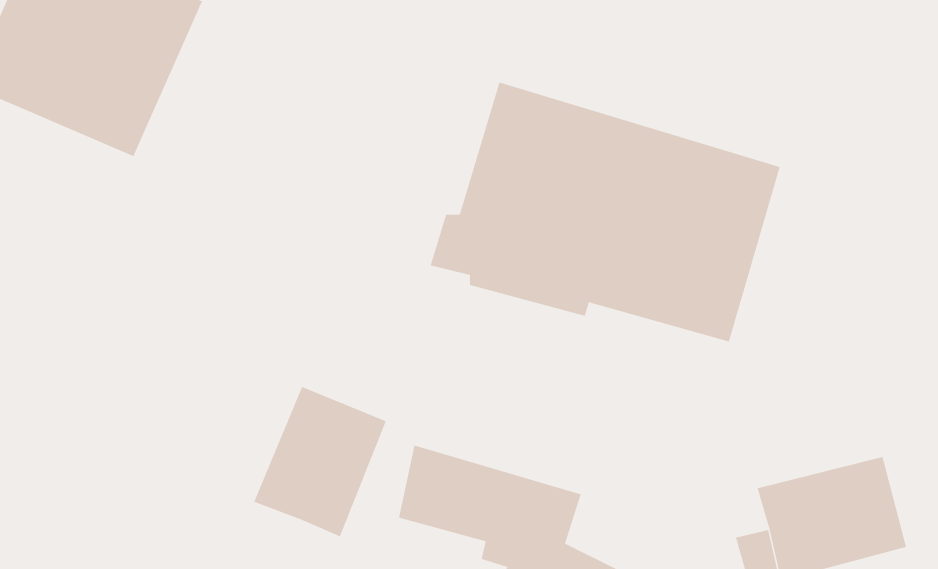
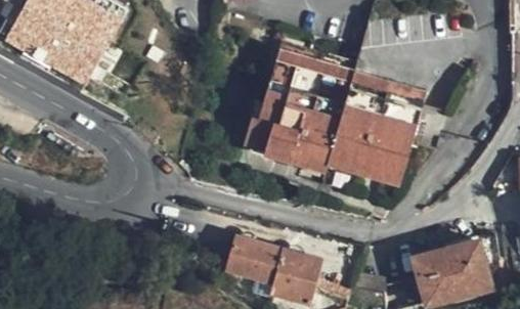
building: [254,386,387,537] -> none

